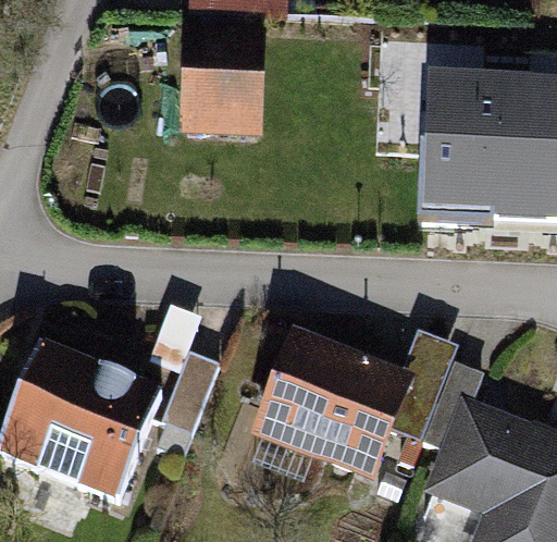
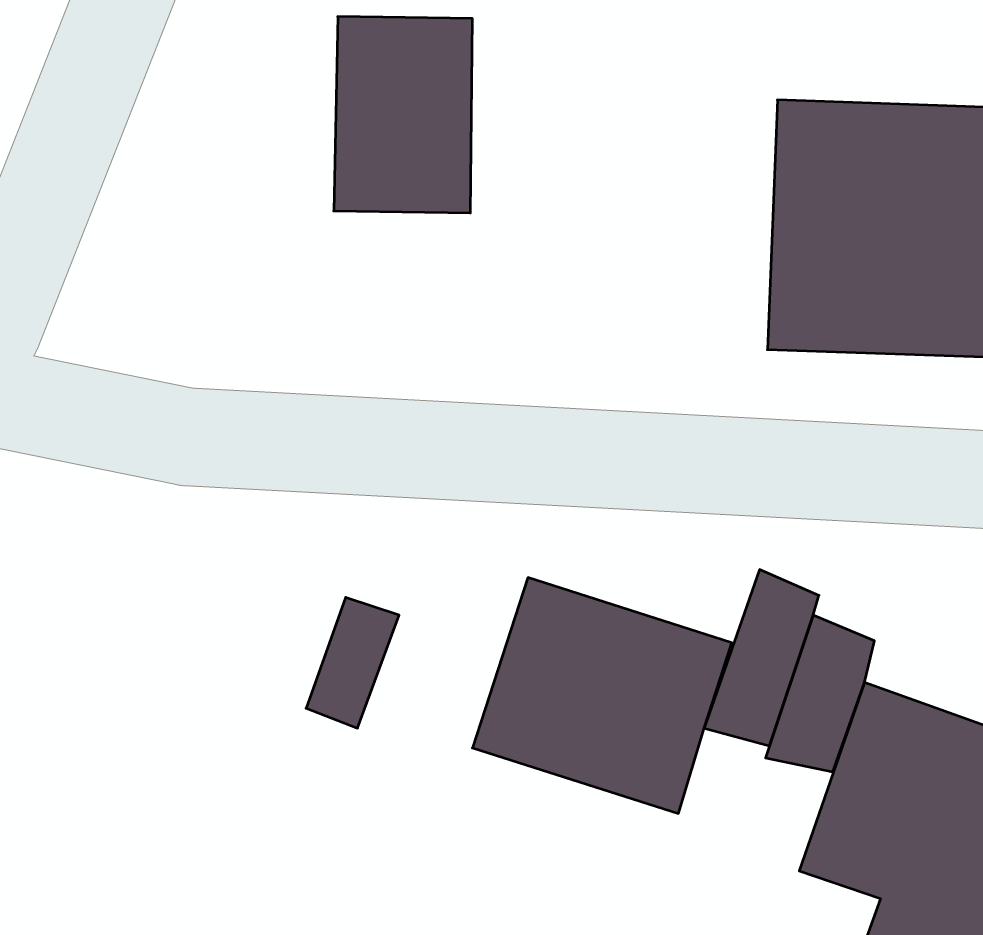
building: [9,347,153,496] -> none

